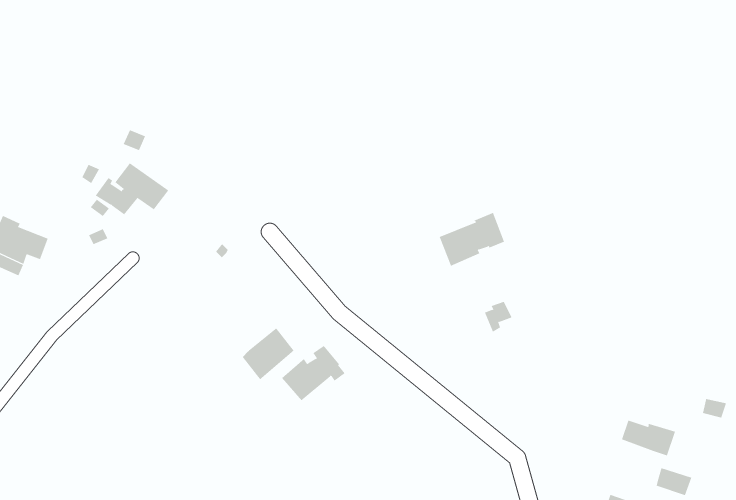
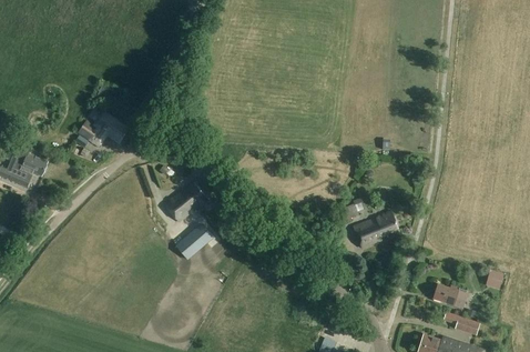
building: [439,212,505,267] -> [353,211,397,248]
building: [281,345,346,401] -> [164,182,207,220]

